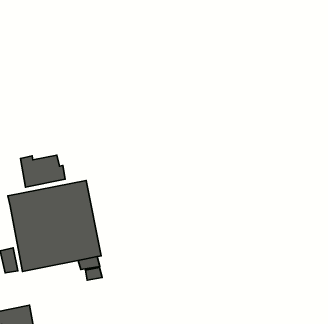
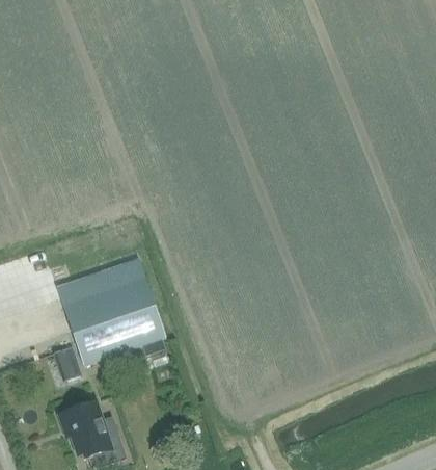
building: [20,155,65,187] -> none

